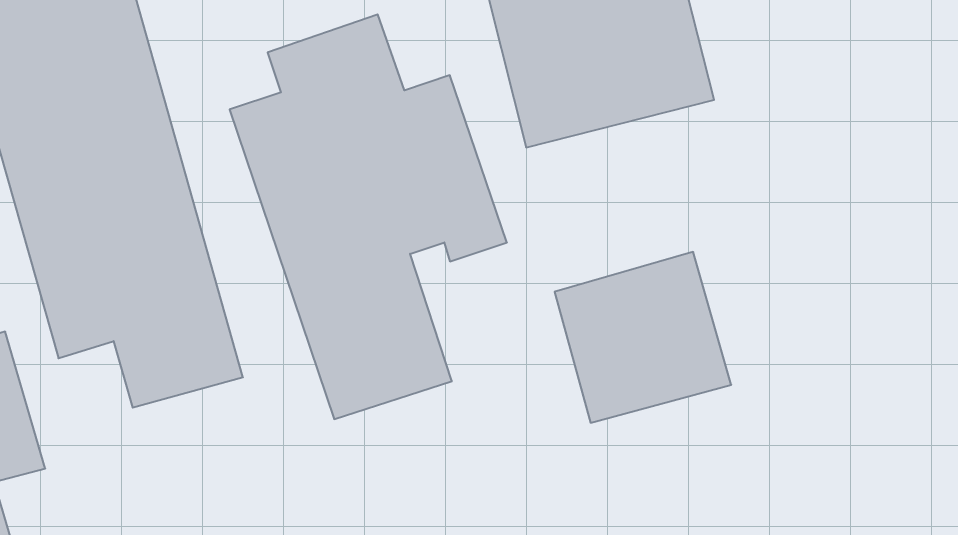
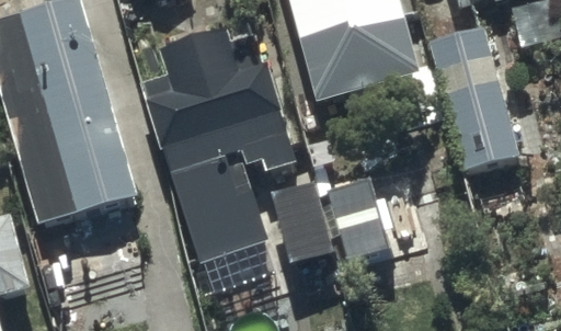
building: none -> [431,26,519,170]

